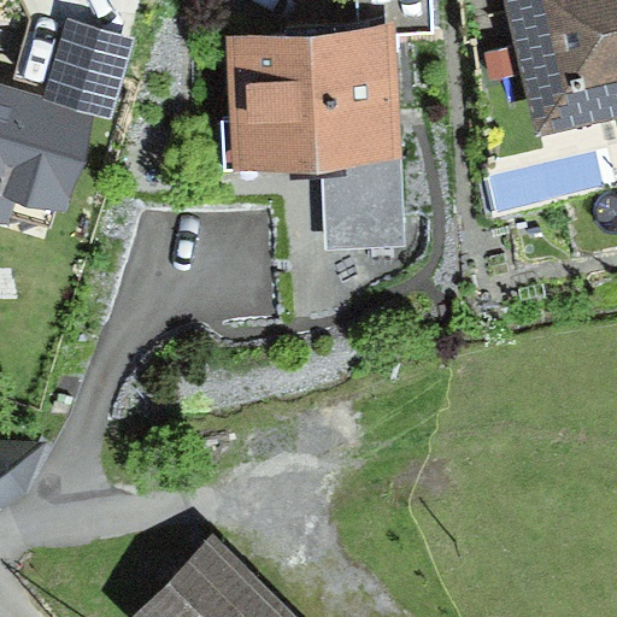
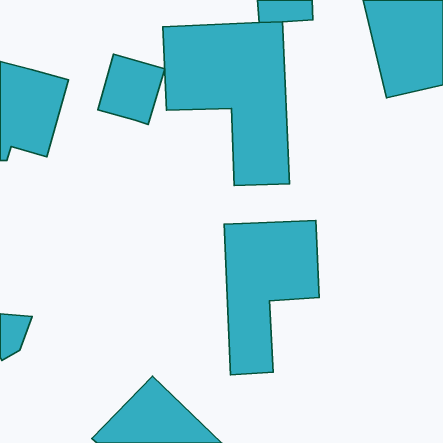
building: [43,19,136,117] -> [98,54,165,124]
building: none -> [224,220,319,375]

